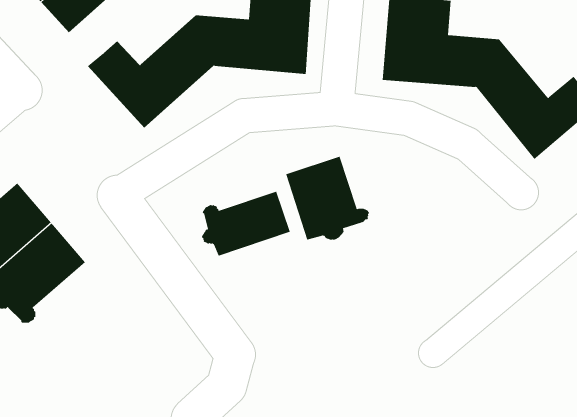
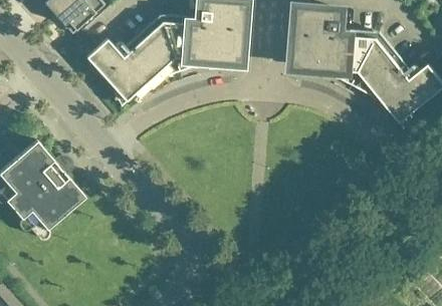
building: [286,156,369,242] -> none
building: [201,191,291,257] -> none

